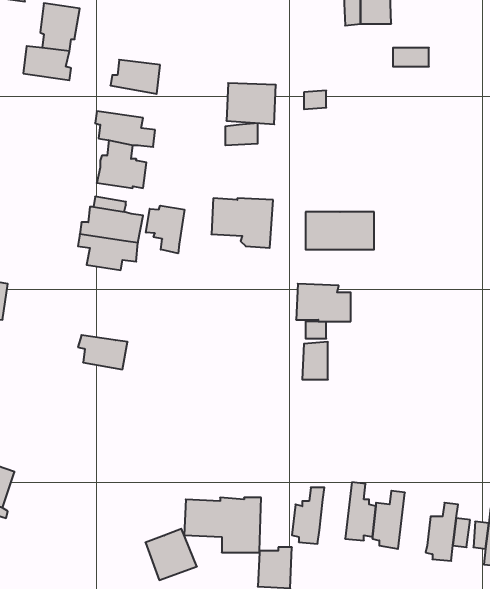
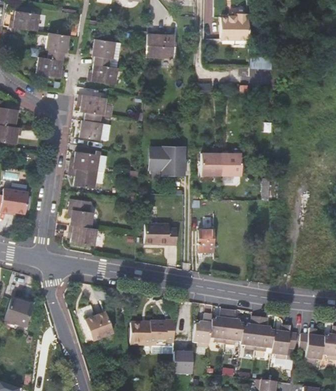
building: none -> [90,39,121,67]
building: [226,83,276,124] -> [146,34,175,58]
building: [146,206,184,253] -> none
building: [296,284,351,321] -> [144,222,176,244]
building: none -> [69,198,92,228]
building: none -> [209,310,228,344]
building: none -> [255,317,274,351]
building: [145,529,197,580] -> [84,310,114,340]

